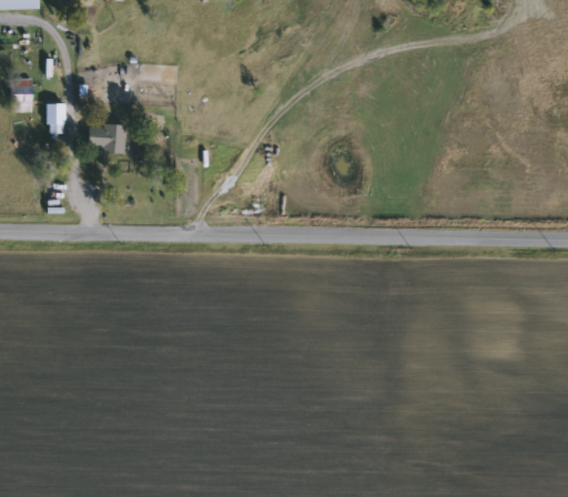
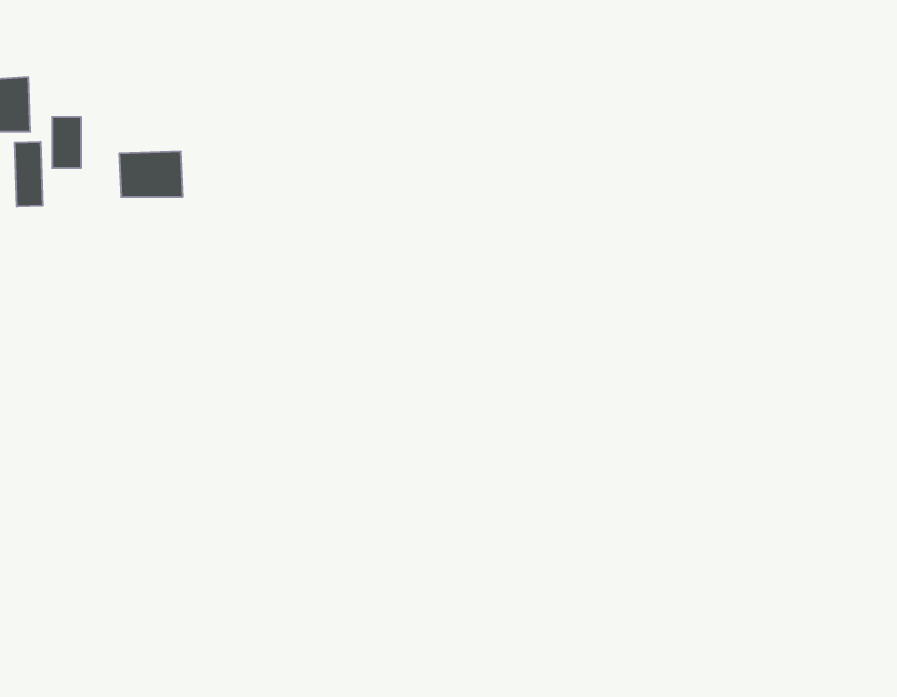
building: none -> [15,142,43,207]

